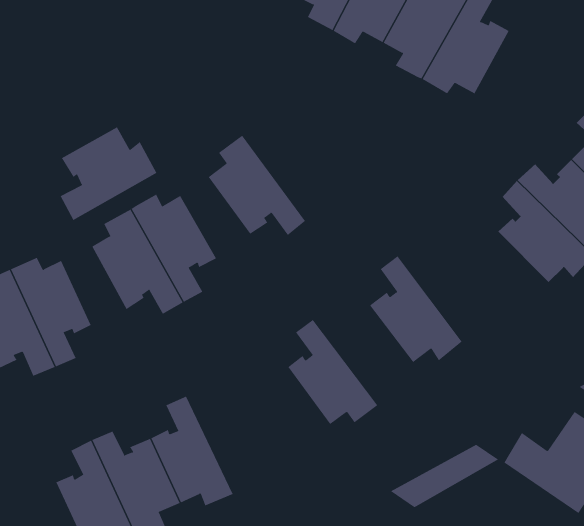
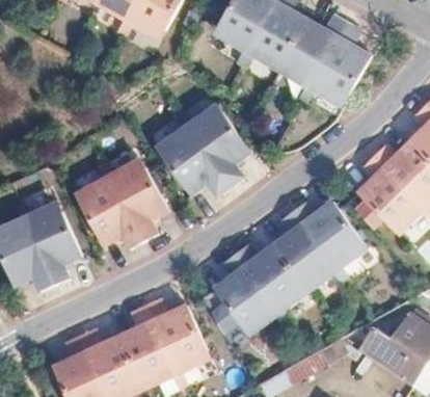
building: none -> [182,111,244,184]
building: [60,126,157,221] -> none
building: none -> [289,198,357,267]
building: none -> [231,241,299,311]
building: none -> [143,297,204,372]

